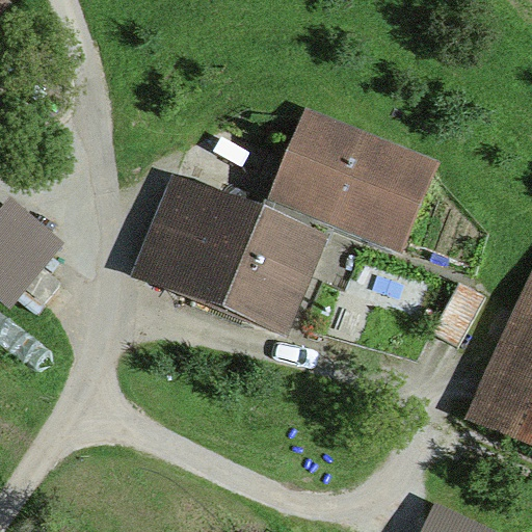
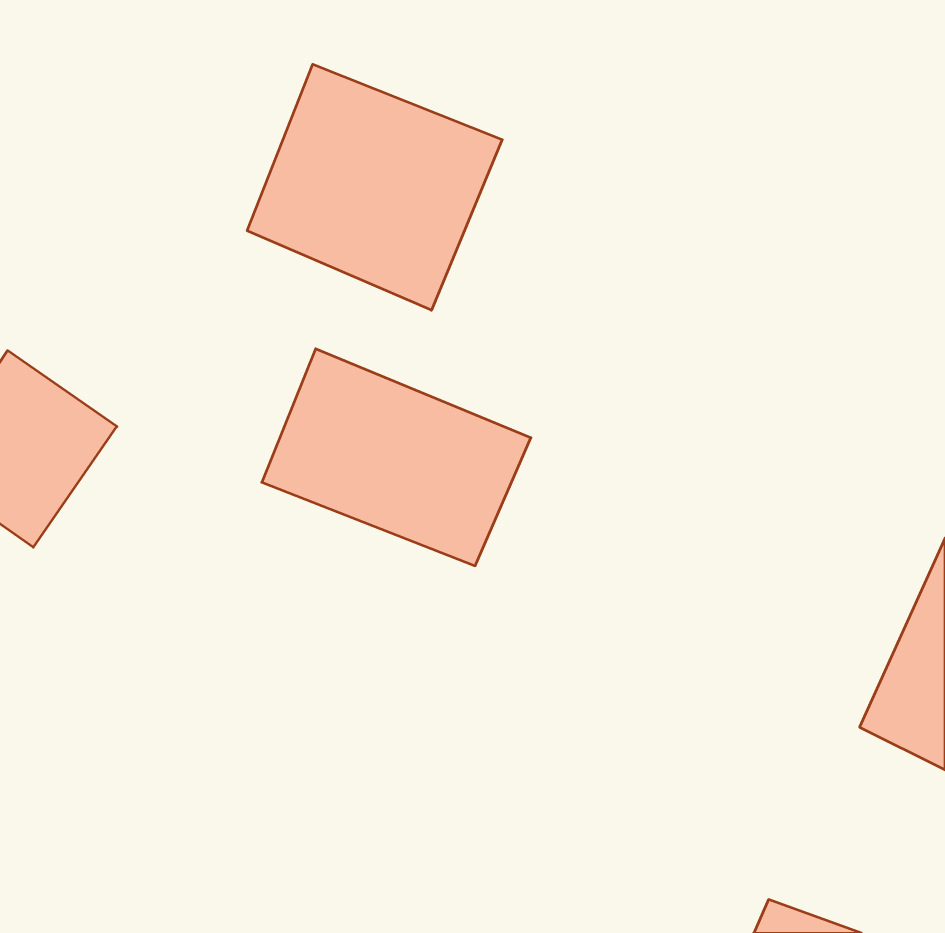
building: none -> [247,64,502,310]
building: [281,128,406,243] -> none

